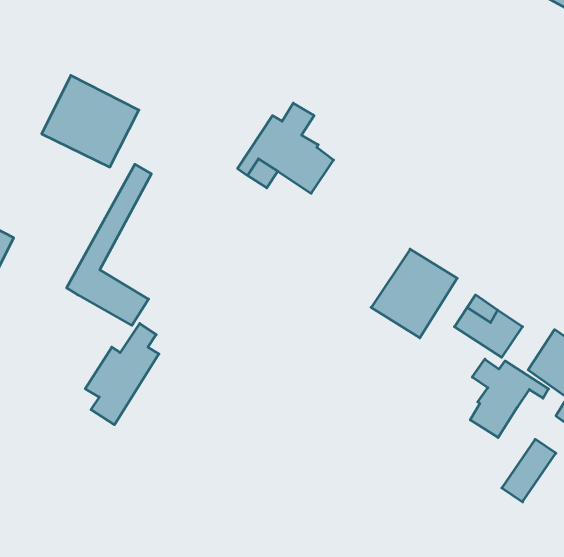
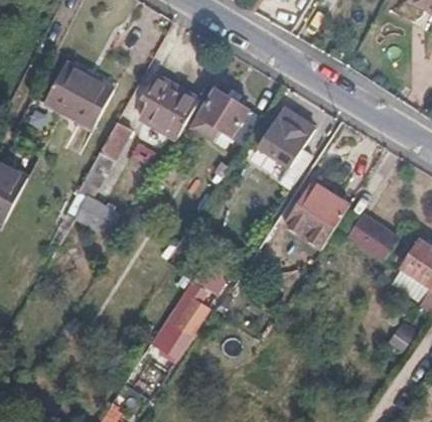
building: none -> [136,74,197,140]
building: none -> [254,108,312,181]
building: [85,323,159,425] -> [158,281,211,355]
building: [470,359,549,438] -> none

